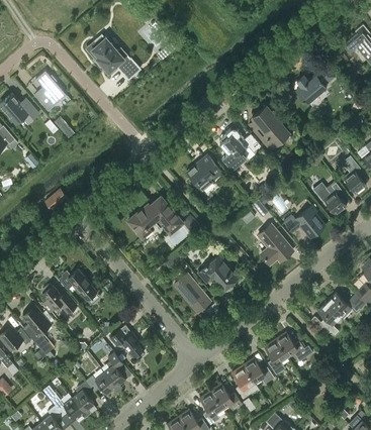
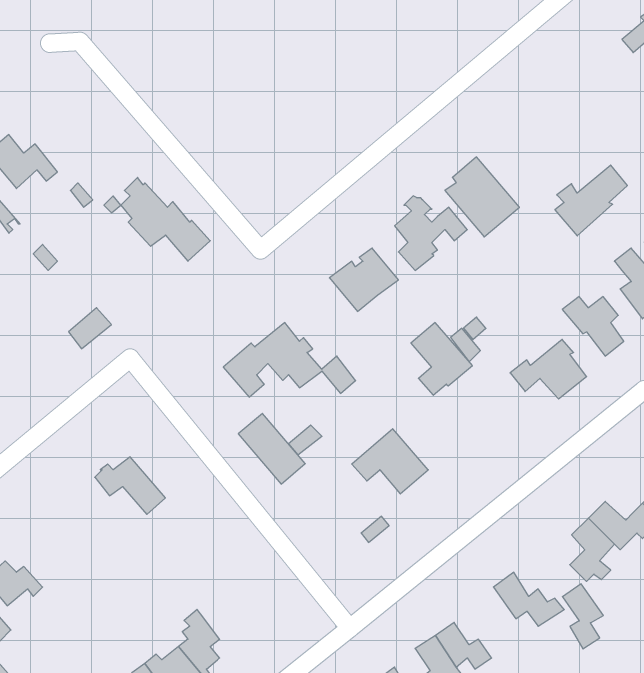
building: [93,34,142,80] -> [121,177,210,261]
building: [295,66,335,104] -> [555,165,627,236]
building: [34,72,67,112] -> none
building: [258,225,291,264] -> [411,323,472,395]
building: [174,274,210,312] -> [238,413,305,484]
building: [41,285,78,315] -> none
building: [22,306,53,355] -> none
building: [110,329,145,357] -> none
building: [265,340,287,375] -> [562,584,603,649]

